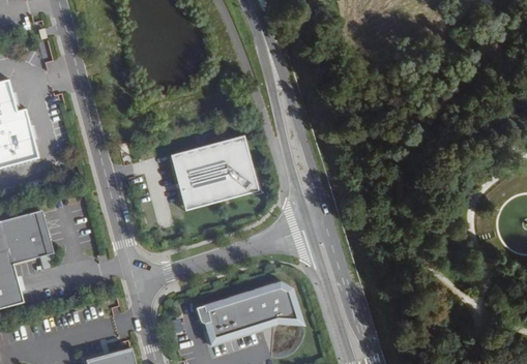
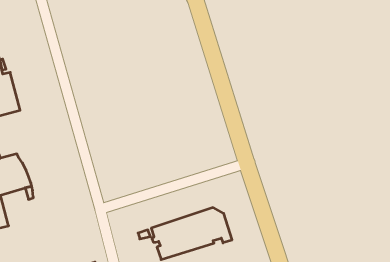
building: [169,134,256,207] -> none

